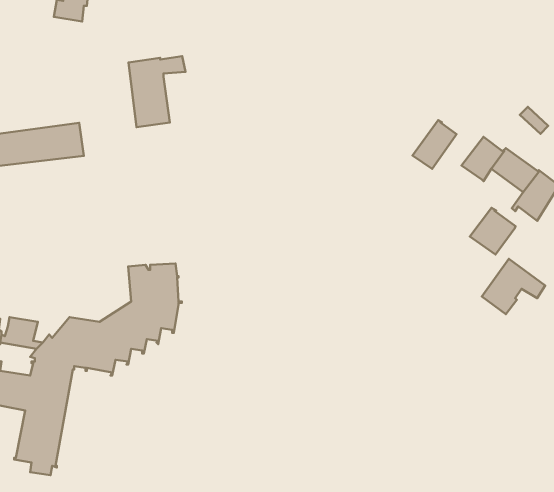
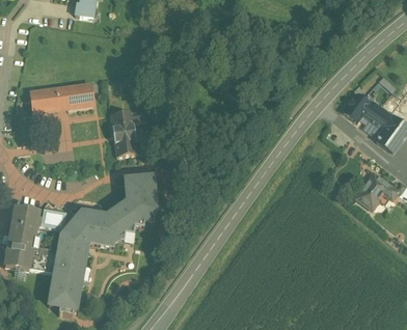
building: [129,56,185,127] -> [110,110,147,157]
building: [413,120,456,169] -> none
building: [470,208,516,255] -> none

